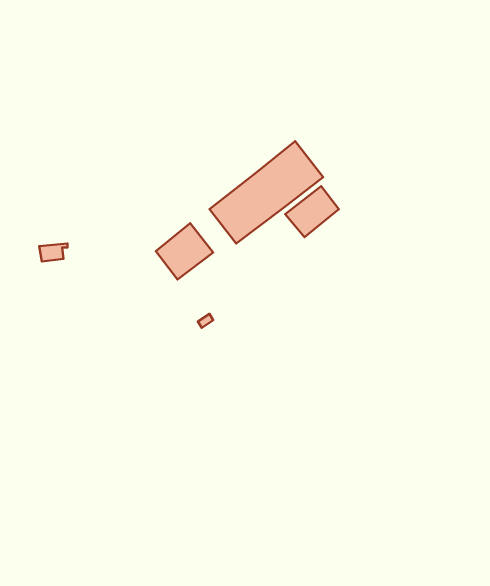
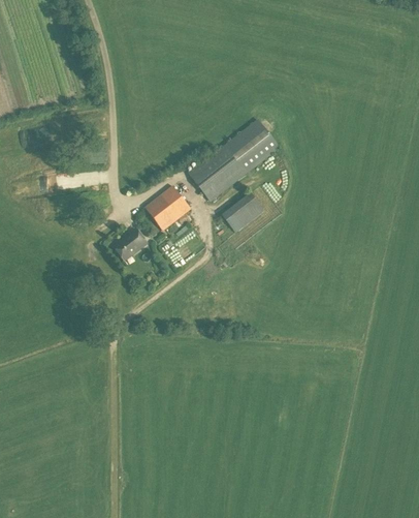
building: [285,186,339,237] -> [221,191,264,233]
building: none -> [112,228,147,260]

